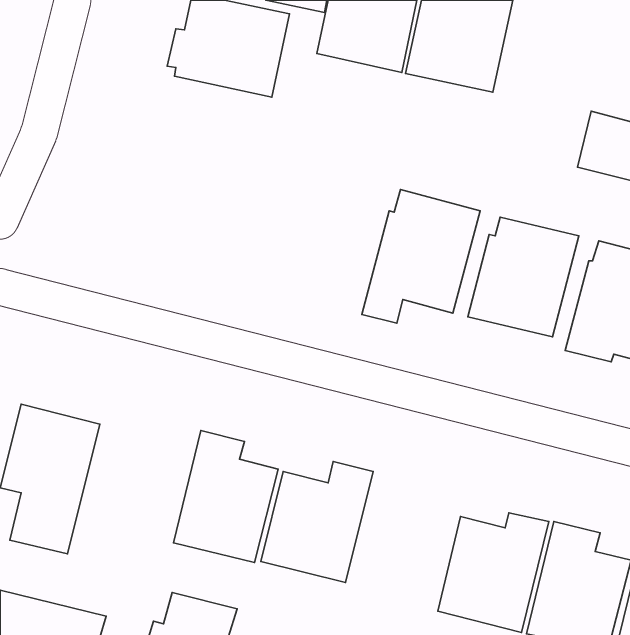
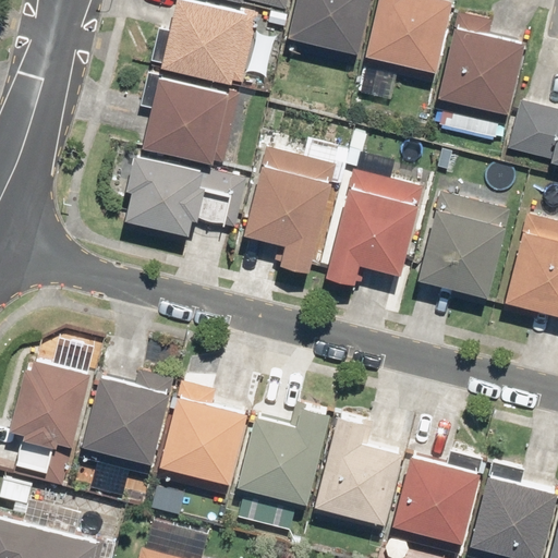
building: none -> [434,11,530,125]
building: none -> [141,71,243,167]
building: none -> [242,135,344,274]
building: none -> [123,154,250,236]
building: none -> [78,368,178,476]
building: none -> [312,410,405,531]

